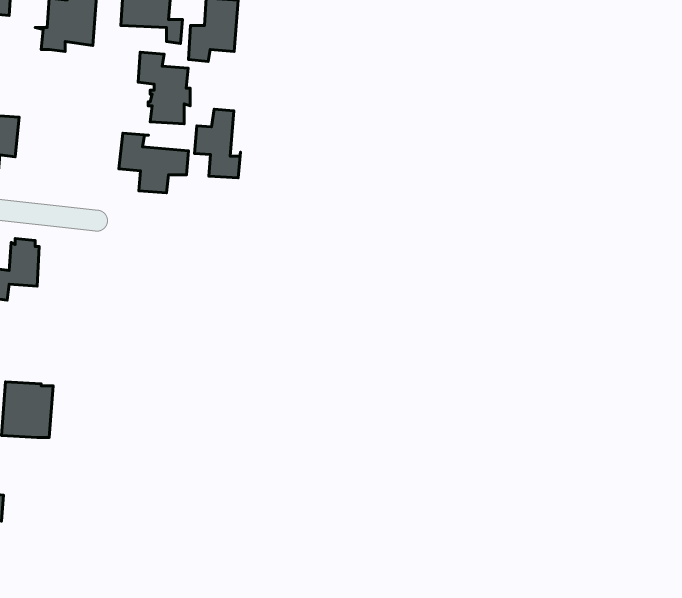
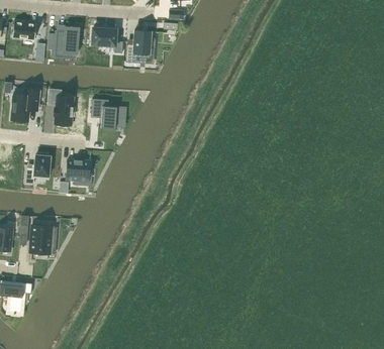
building: [138,52,190,124] -> [47,88,74,124]
building: [194,109,241,178] -> none
building: none -> [66,158,89,180]

